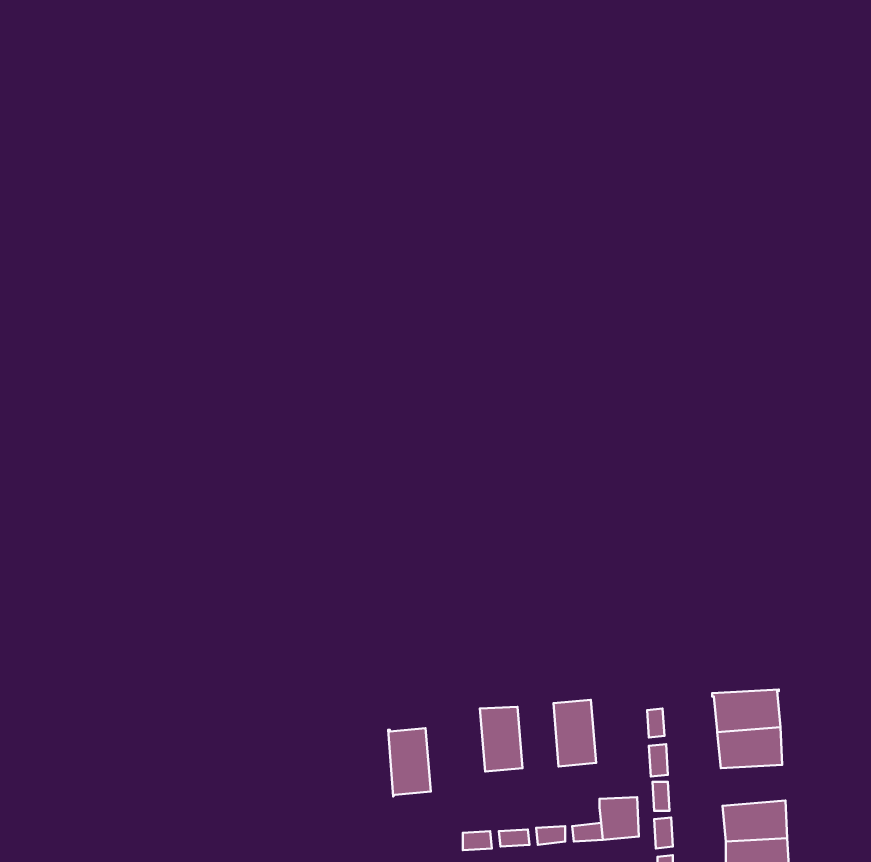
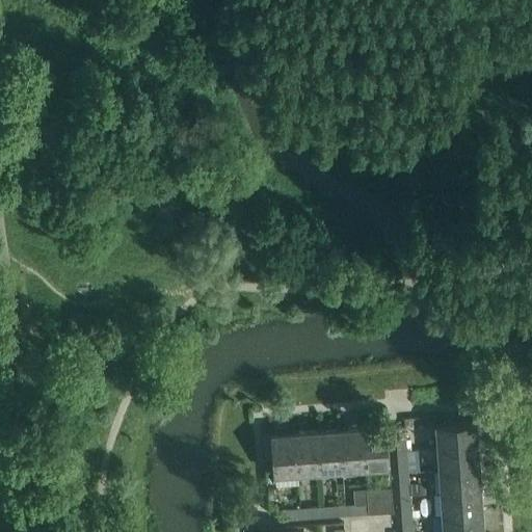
building: none -> [360,430,385,471]
building: none -> [315,434,340,474]
building: [388,728,431,796] -> [269,437,295,479]
building: none -> [438,472,478,497]

